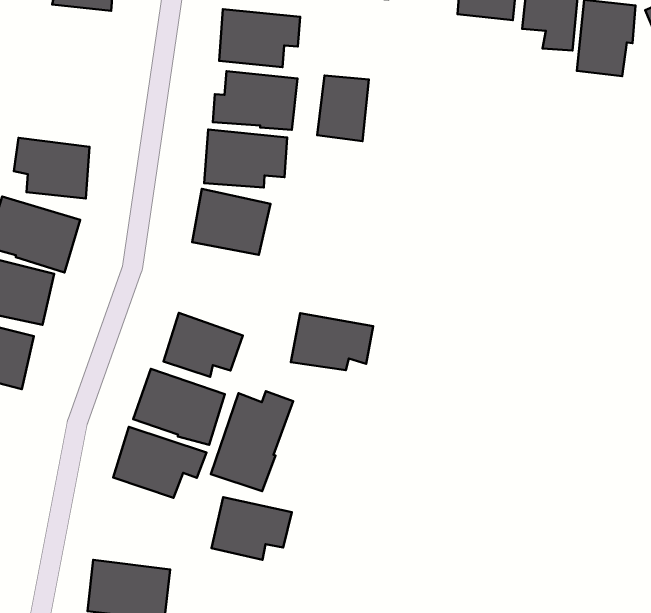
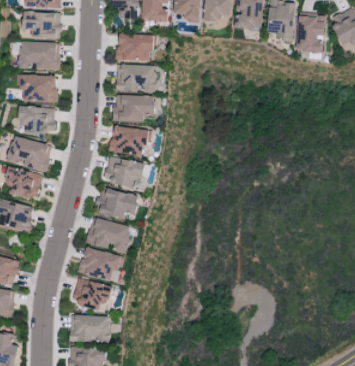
building: none -> [19,41,61,70]
building: [317,75,369,141] -> none
building: none -> [19,75,57,102]
building: [291,313,373,370] -> [105,158,145,185]
building: [211,391,293,491] -> none
building: [212,497,292,560] -> [74,280,113,310]

